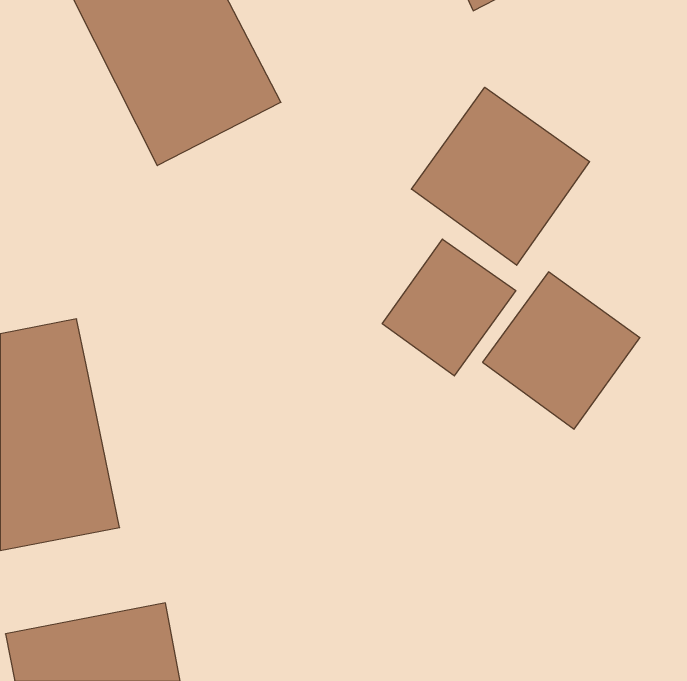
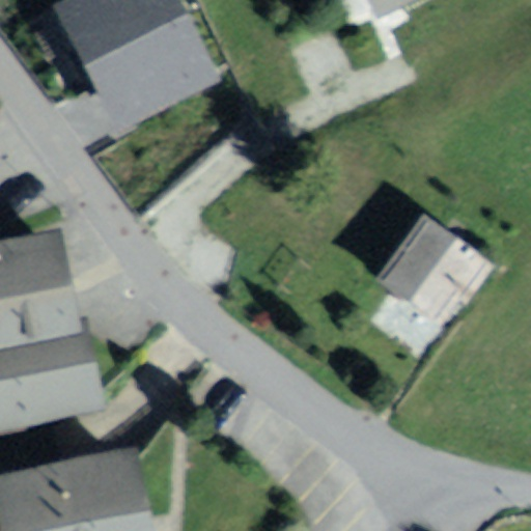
building: [411,87,590,265] -> none
building: [382,239,516,376] -> none

